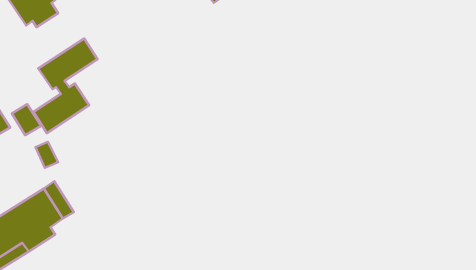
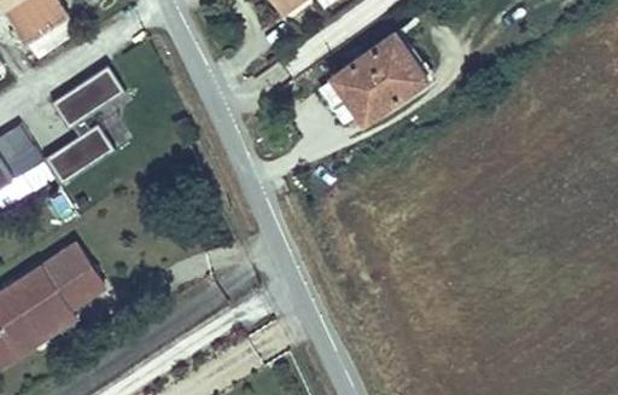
building: none -> [331,37,427,127]

